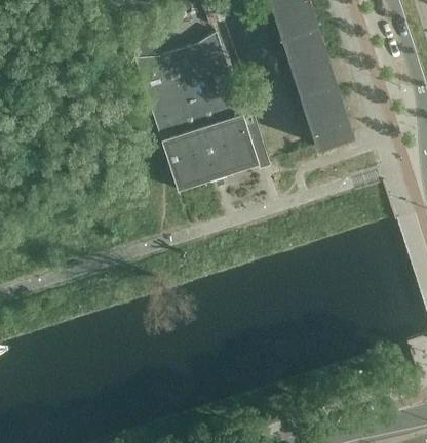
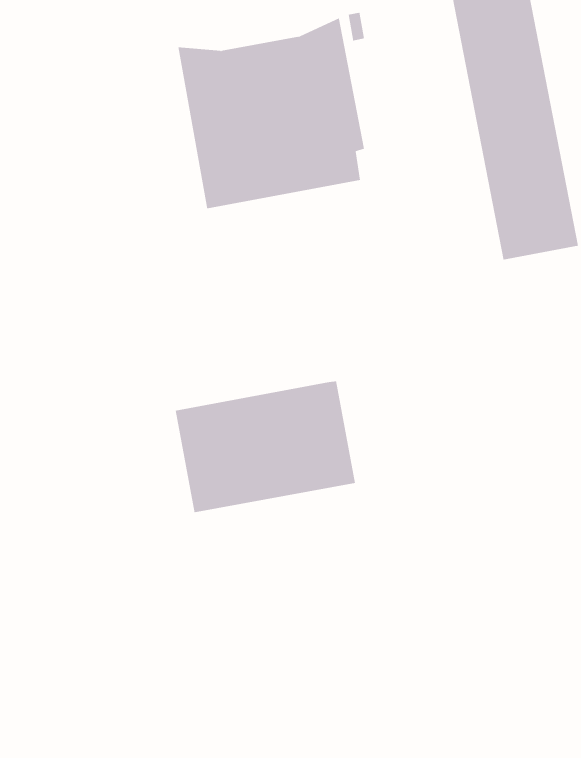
building: [162,116,260,193] -> [175,381,356,513]

